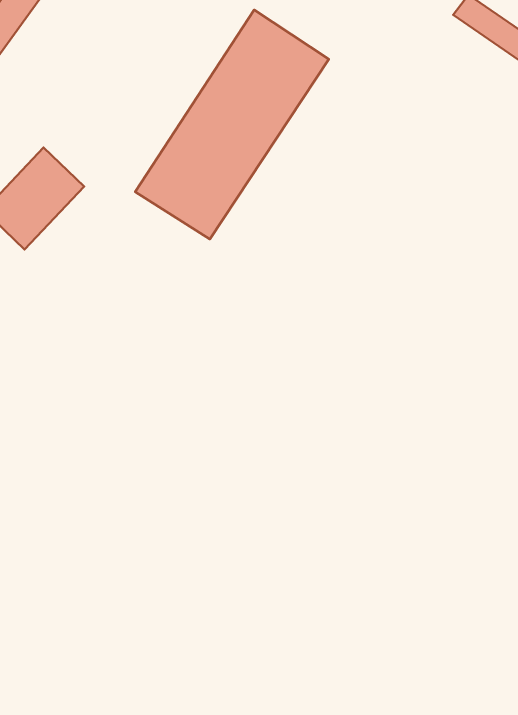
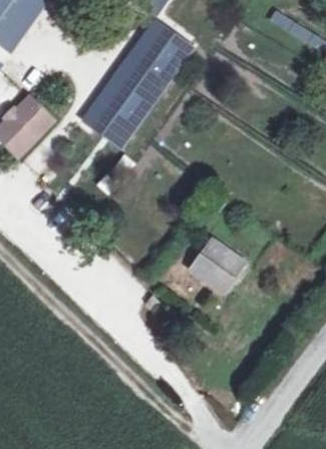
building: none -> [189,236,246,293]

